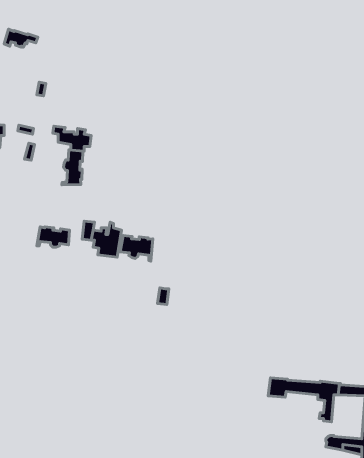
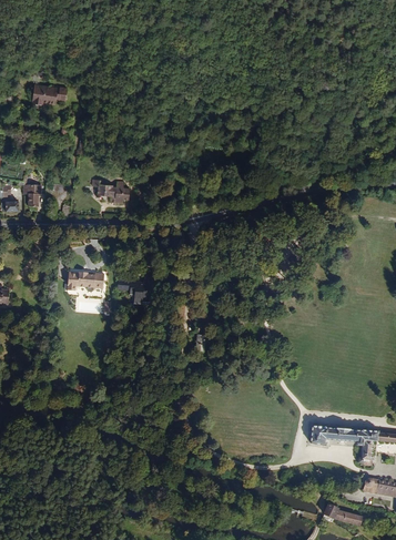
building: [62,150,83,185] -> none
building: [120,235,153,261] -> none

